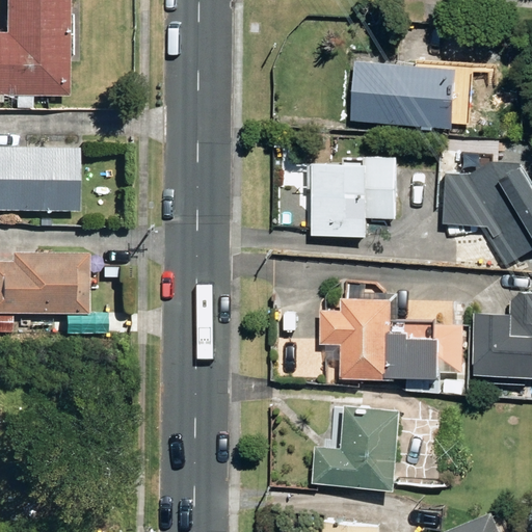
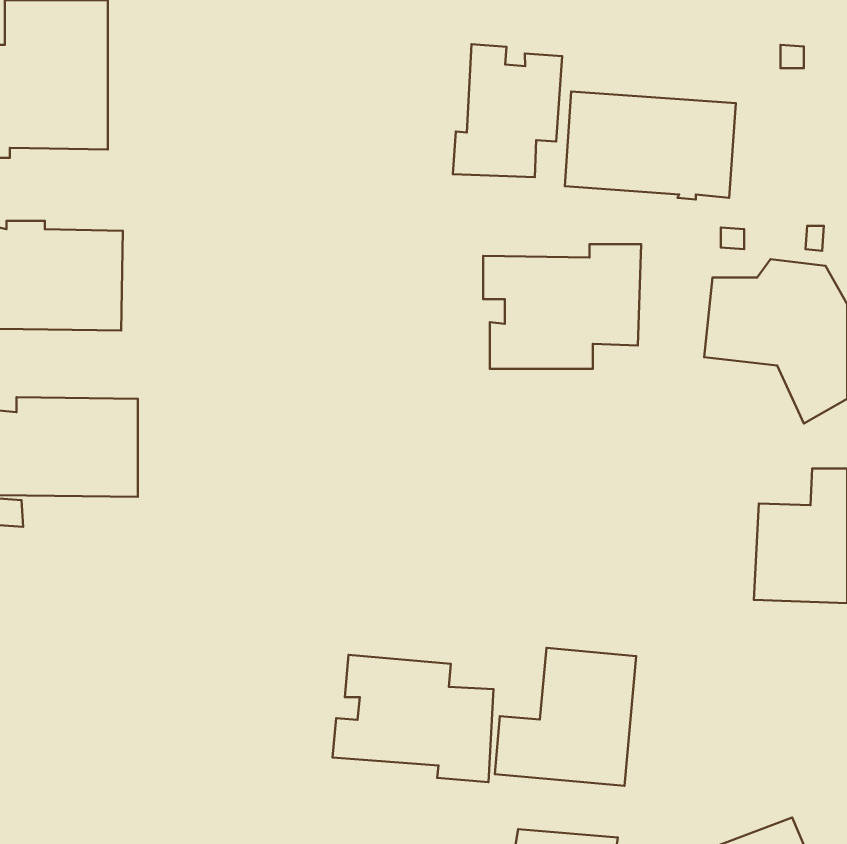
building: none -> [453,44,562,177]
building: [324,297,444,392] -> none
building: none -> [333,655,493,782]

